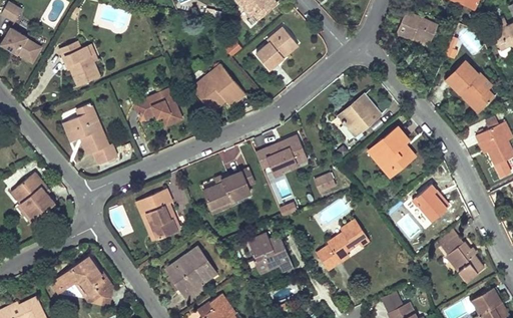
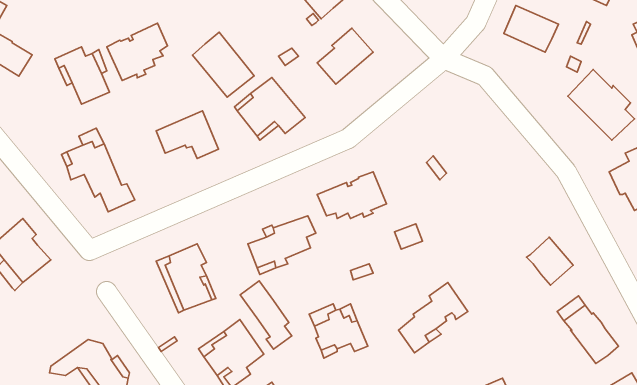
building: none -> [107,23,168,81]
building: none -> [193,32,254,97]
building: [339,95,380,135] -> none
building: [368,126,414,177] -> none
building: none -> [240,281,292,349]

